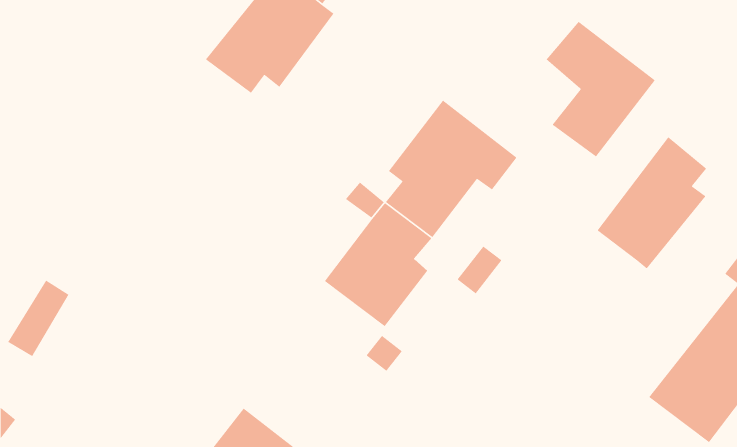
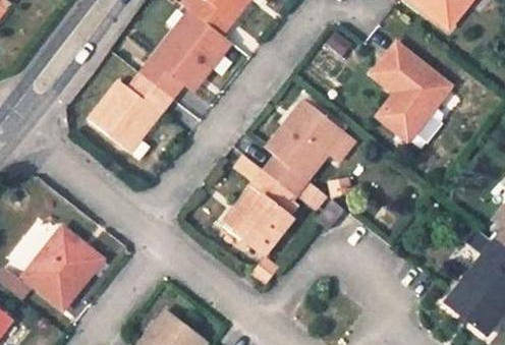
building: none -> [90,72,172,151]
building: [596,136,707,269] -> none
building: none -> [24,229,103,309]

